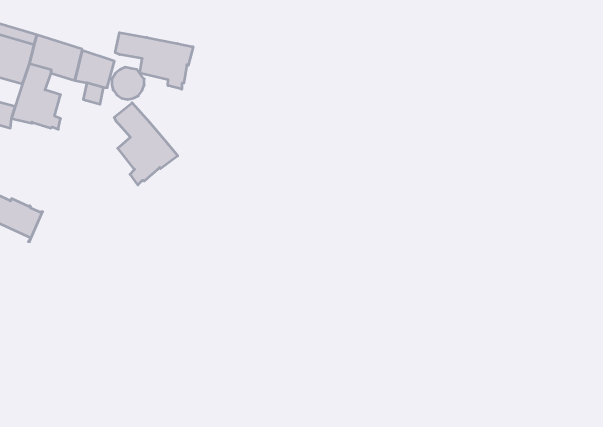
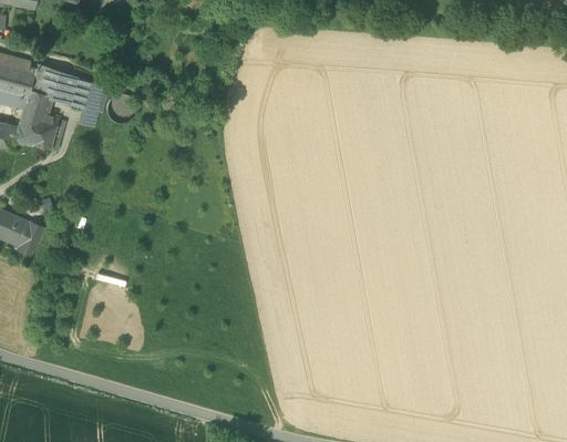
building: [115,33,193,89] -> none
building: [114,103,178,185] -> none

